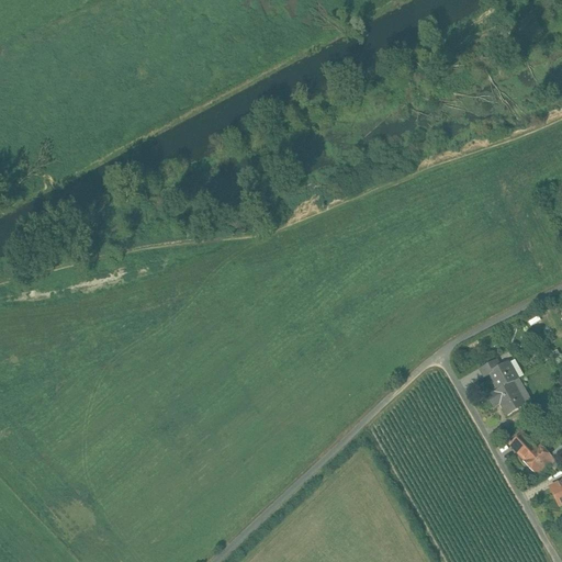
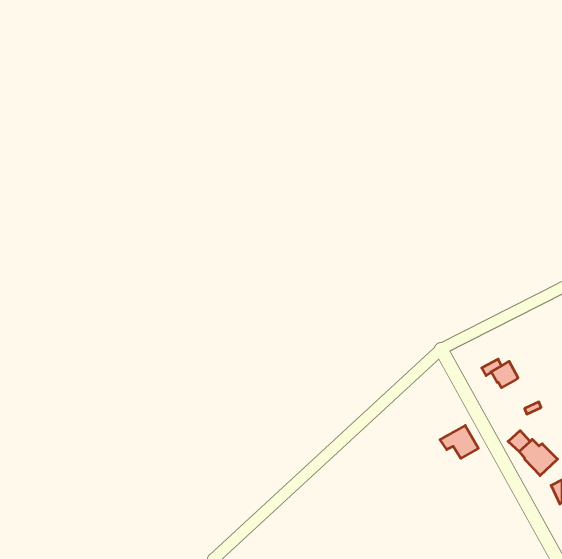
building: [487,381,526,414] -> [440,425,478,458]

